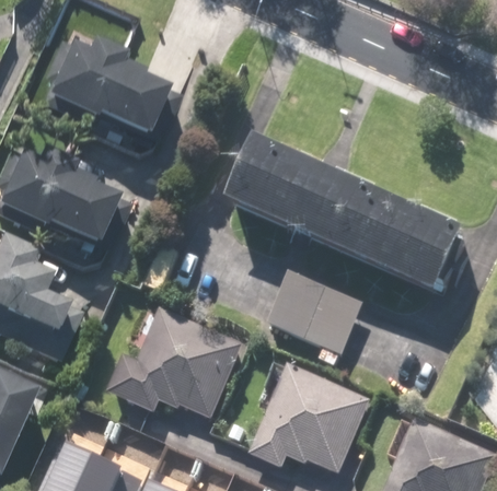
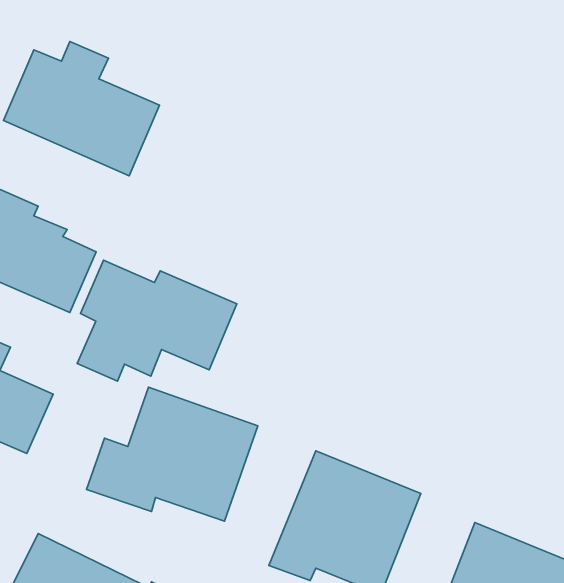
building: [221,147,459,293] -> none
building: none -> [77,260,237,381]
building: [270,270,362,349] -> none

